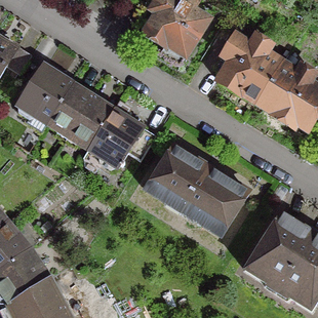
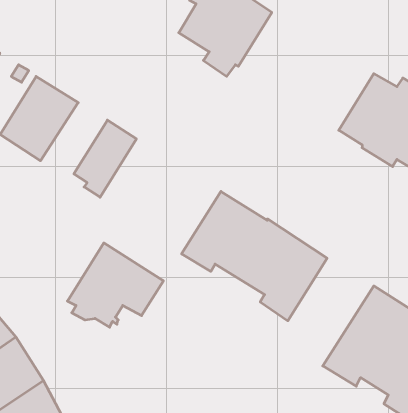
building: [215,36,281,103] -> none
building: [46,83,93,133] -> none
building: [88,109,156,168] -> [67,243,163,327]

